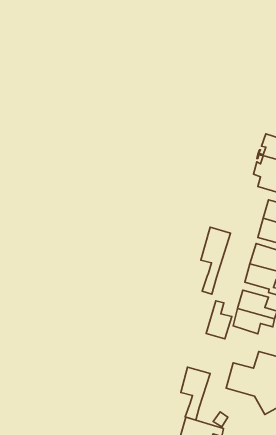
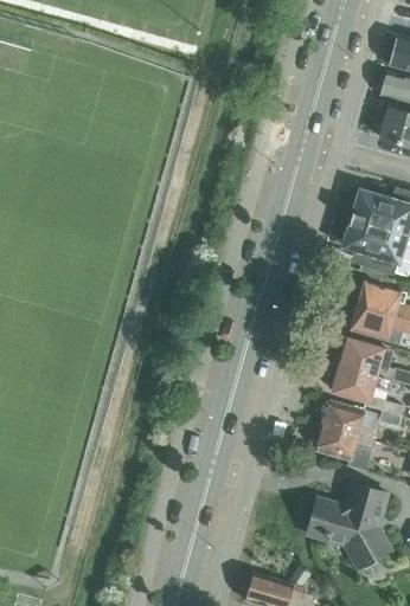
building: [201,227,231,294] -> none
building: [206,301,232,339] -> none
building: [181,367,210,420] -> none

